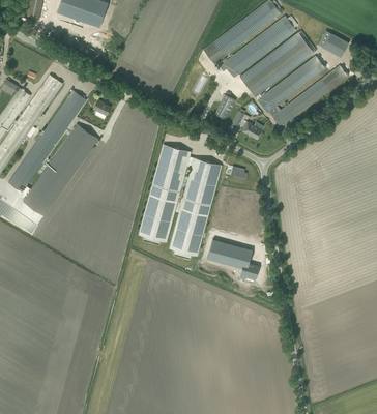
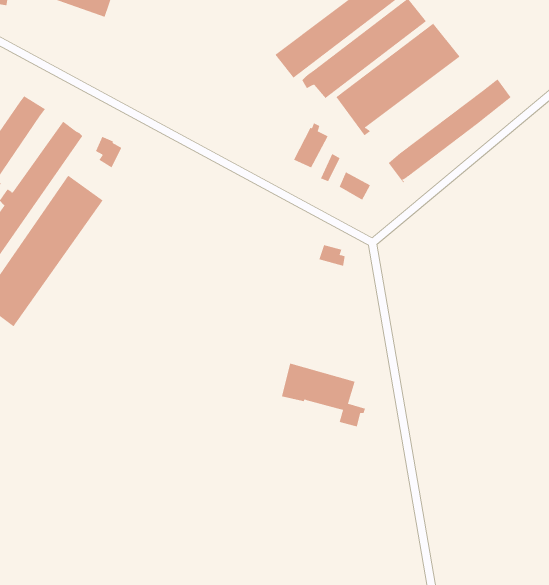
building: [318,30,348,57] -> none
building: [258,56,325,116] -> none
building: [139,144,222,259] -> none

